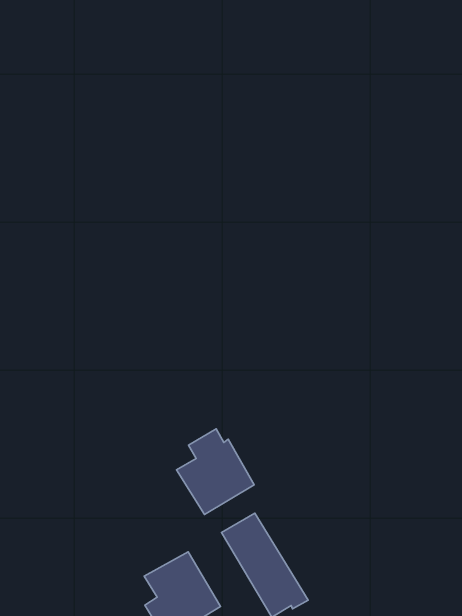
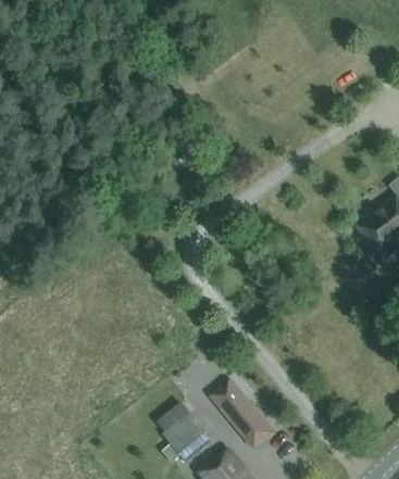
building: [176,429,254,515] -> none

